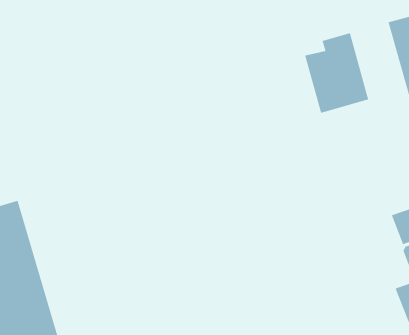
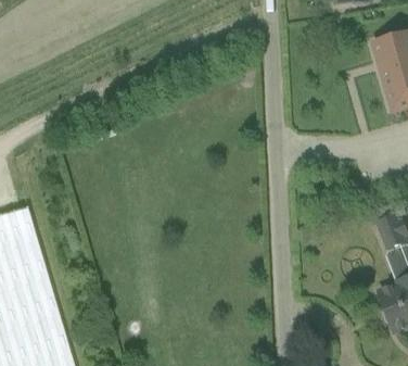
building: [304,32,369,114] -> none

